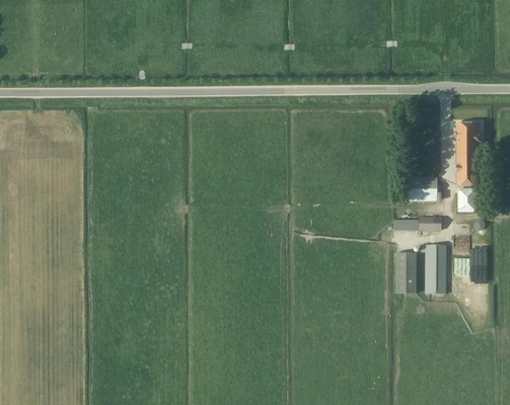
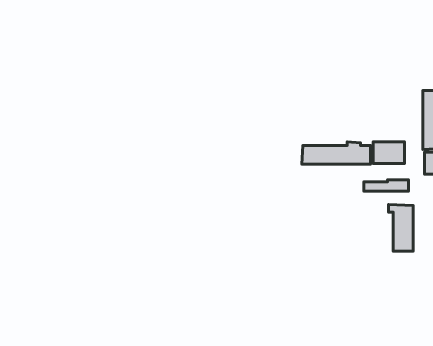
building: none -> [302,142,371,164]
building: [395,253,416,294] -> none

